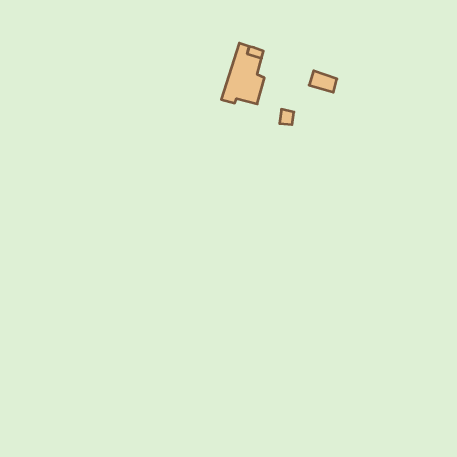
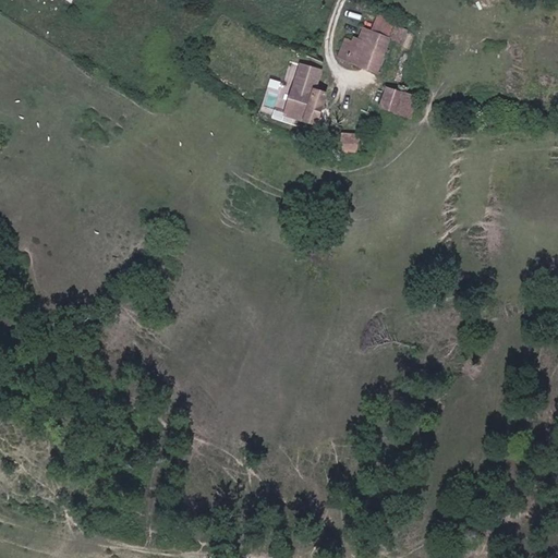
building: none -> [338,24,389,73]

